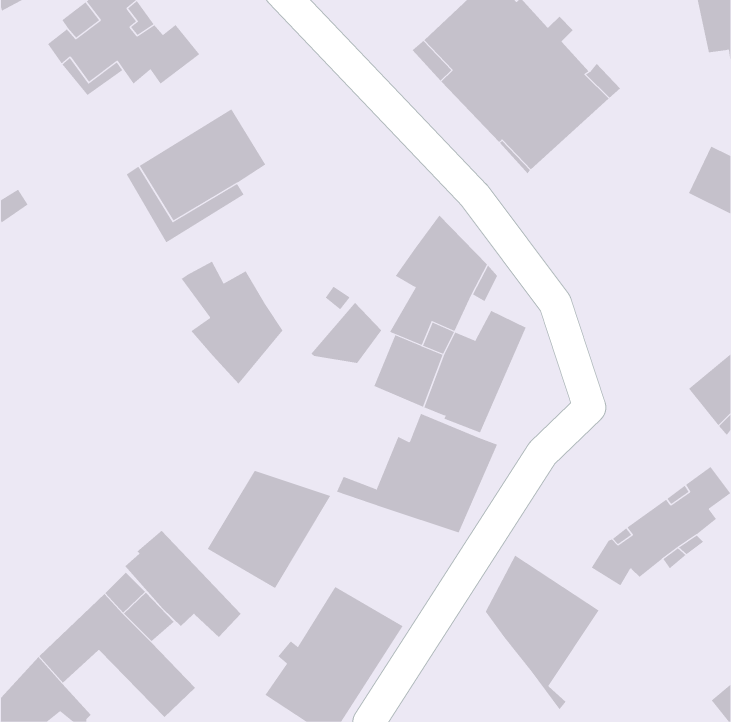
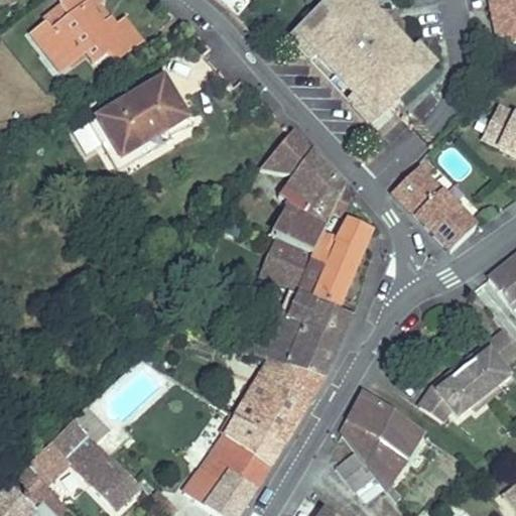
building: none -> [390,158,478,253]
building: [181,261,283,384] -> none
building: [311,302,382,363] -> [259,131,309,174]
building: [207,470,331,589] -> [236,358,324,441]
building: [124,530,242,638] -> none
building: none -> [335,449,374,490]

